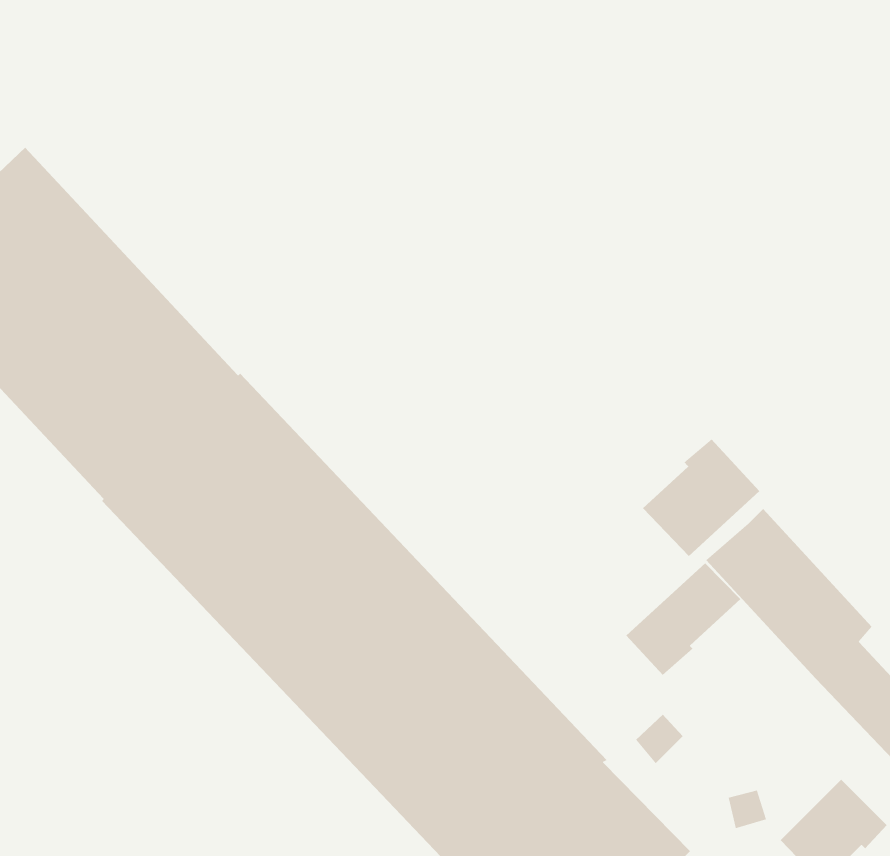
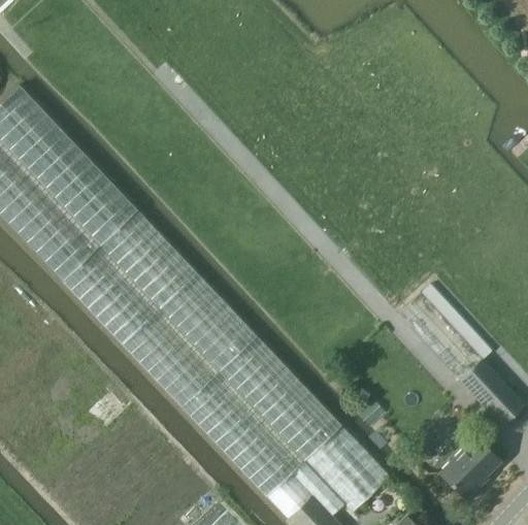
building: [642,438,760,557] -> none
building: [626,562,741,676] -> none

